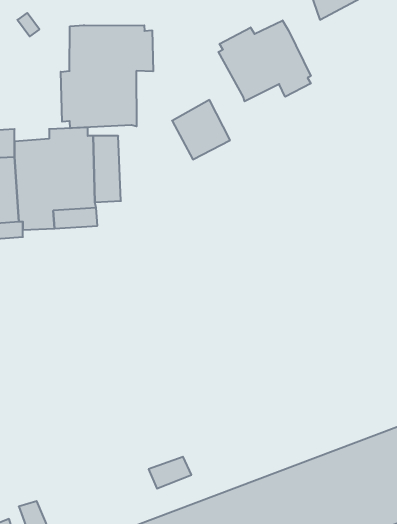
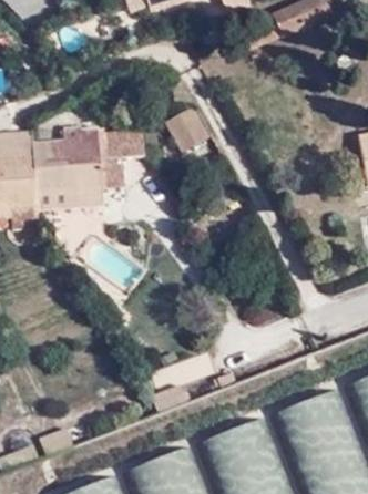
building: [218,20,311,101] -> none
building: [61,25,153,128] -> none

